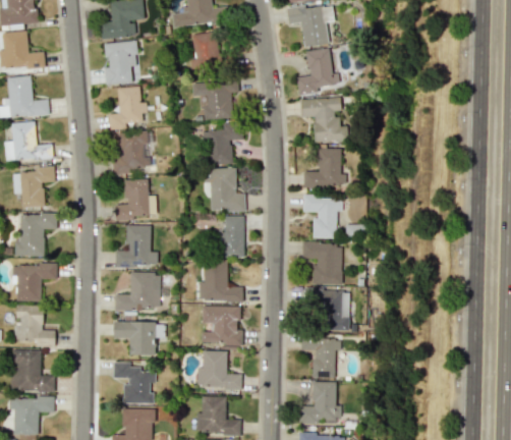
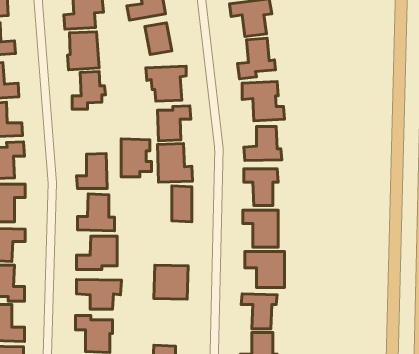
building: [115,131,150,174] -> [121,139,152,177]
building: [198,263,243,301] -> none
building: [196,350,242,389] -> none

